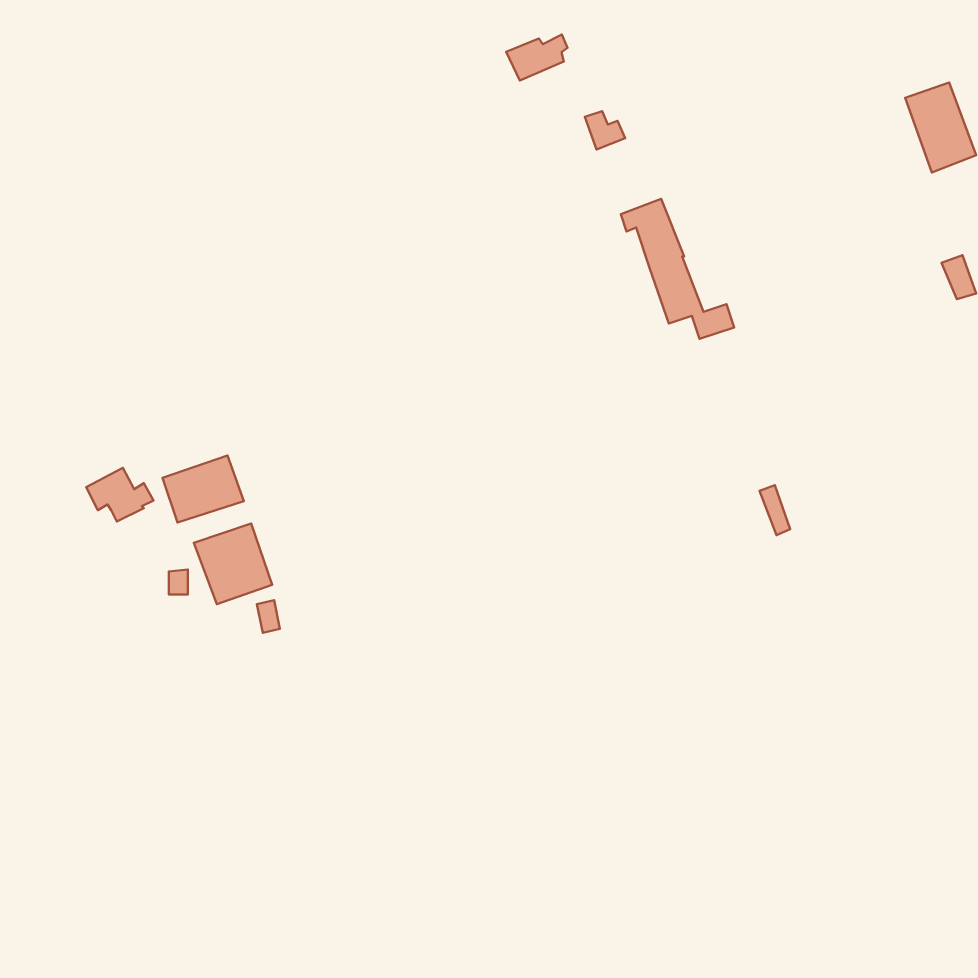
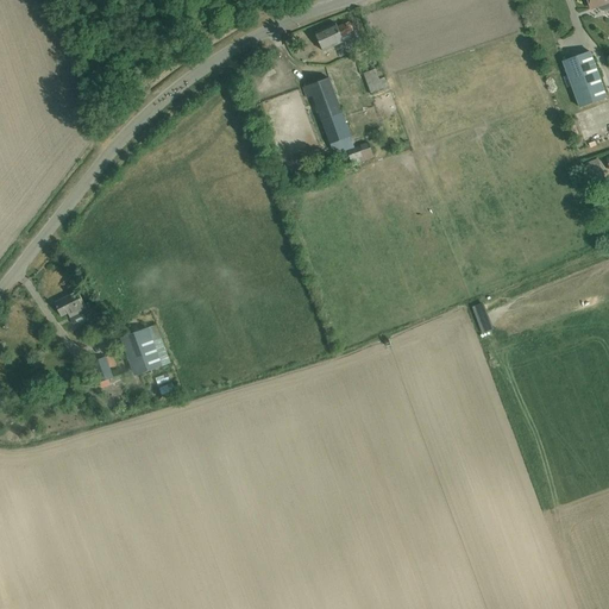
building: [621,199,734,339] -> [302,77,372,164]
building: [162,456,244,522] -> none

